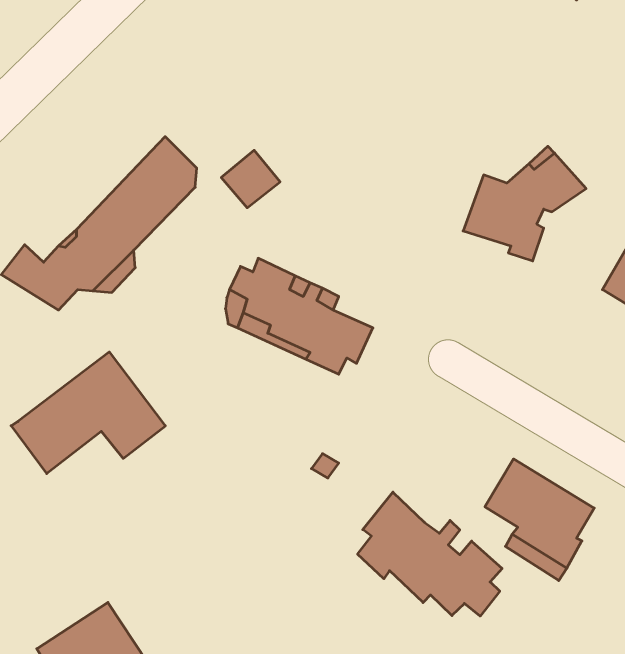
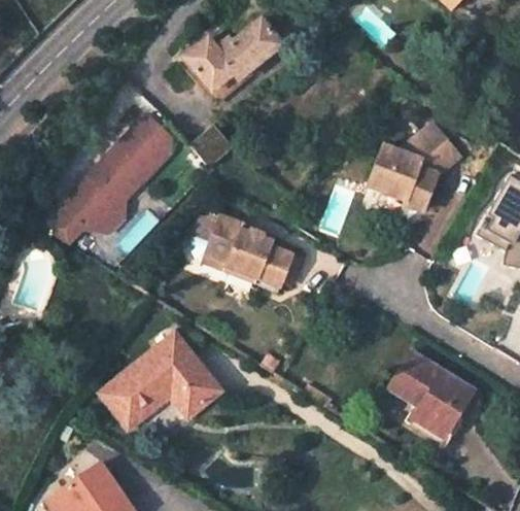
building: none -> [183,20,279,90]
building: [11,352,165,474] -> [107,336,223,428]
building: [358,492,502,616] -> none

